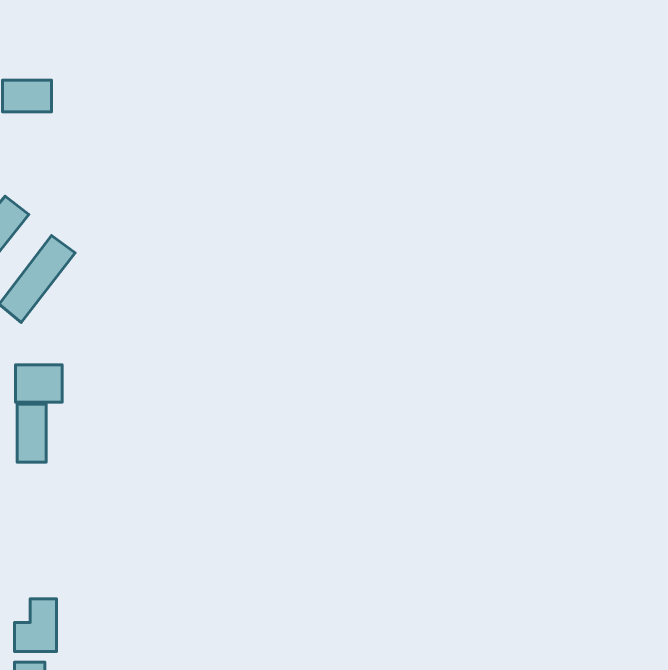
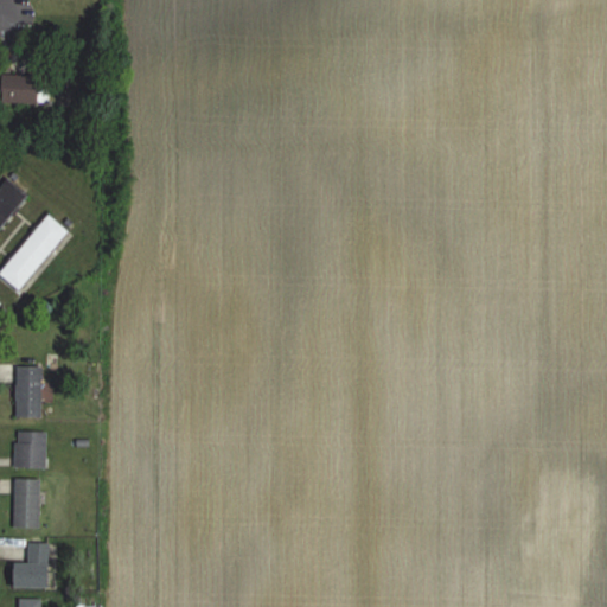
building: [16,365,62,402] -> none
building: none -> [14,432,45,469]
building: none -> [13,479,39,528]

